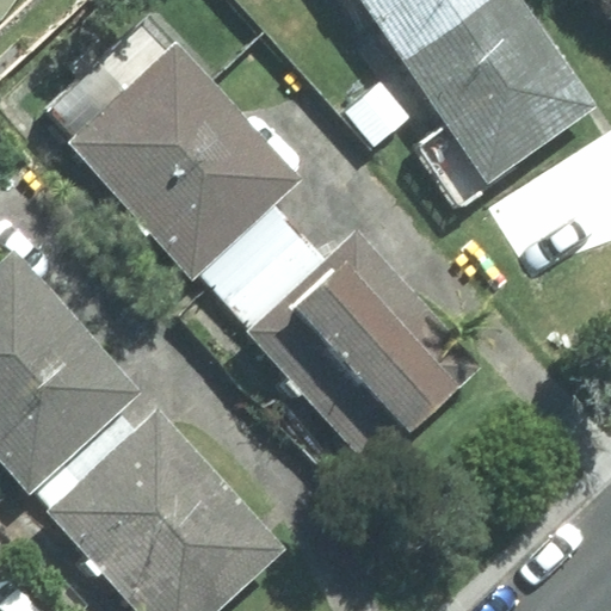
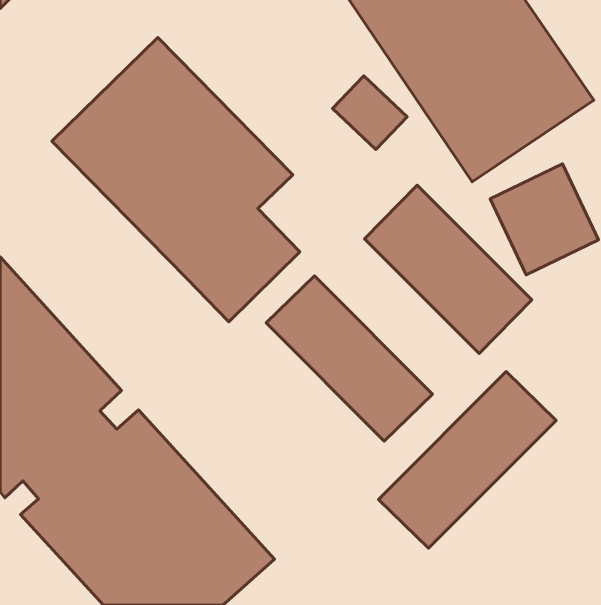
building: none -> [365,185,532,354]
building: none -> [378,372,556,548]

